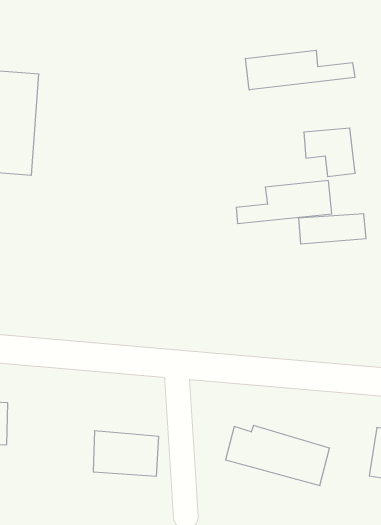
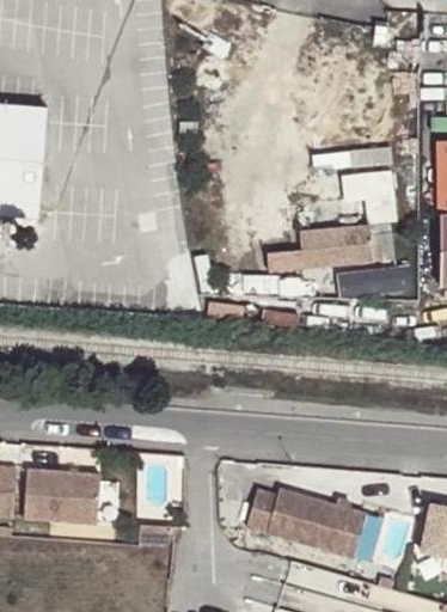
building: [245,50,355,90] -> none
building: [93,431,159,476] -> [24,472,97,522]

